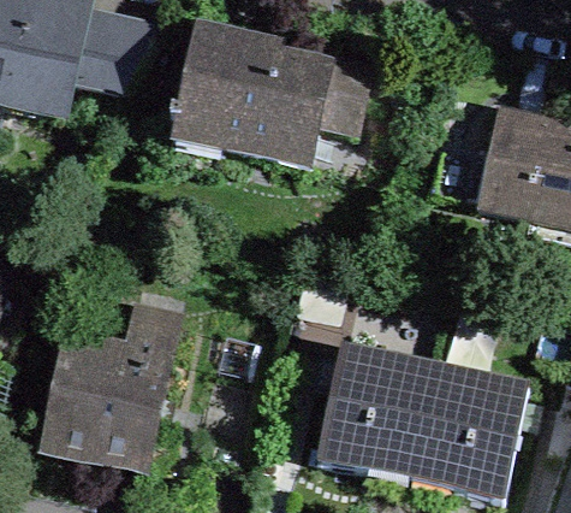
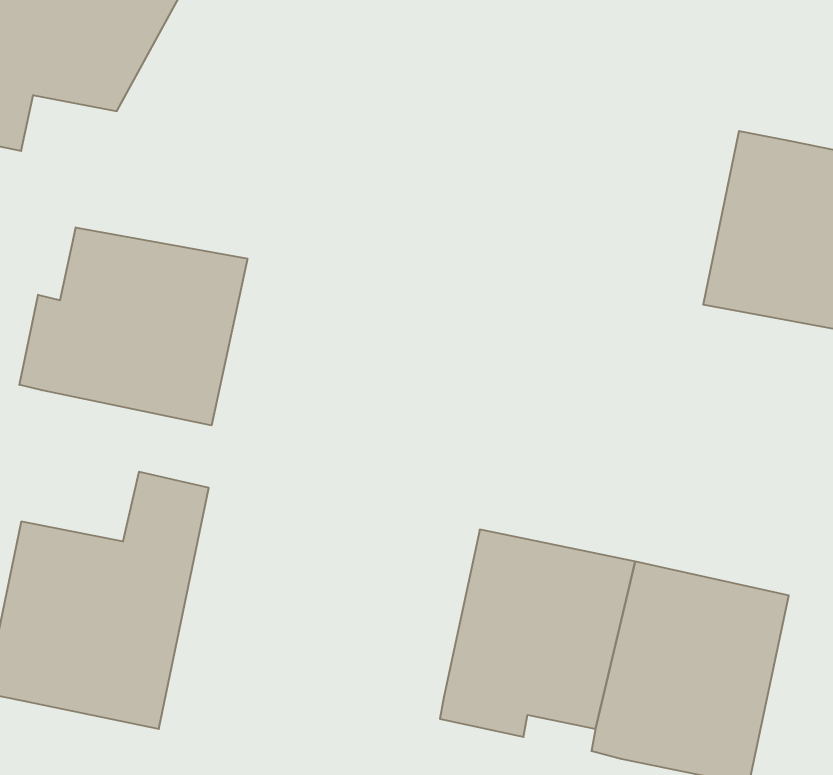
building: [176,31,369,166] -> none
building: none -> [19,227,247,425]

